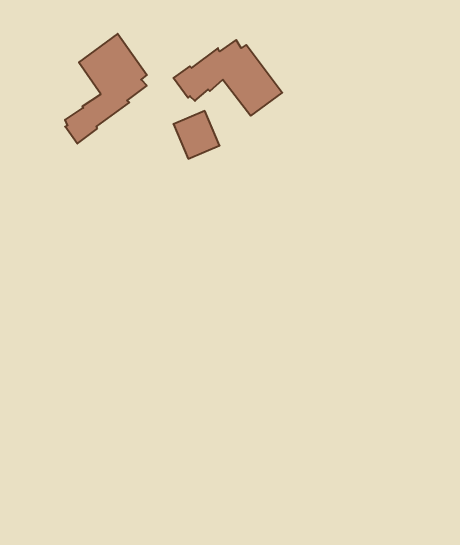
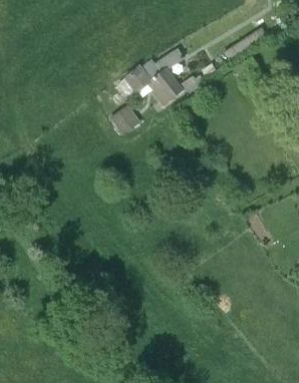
building: [65,34,147,144] -> none

